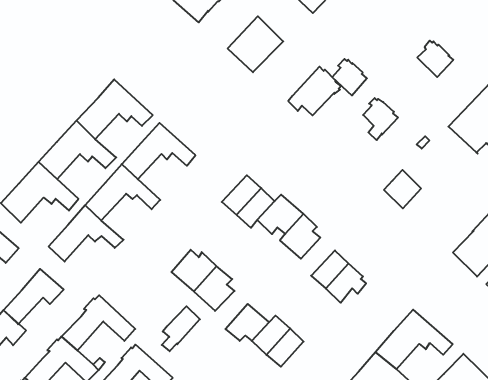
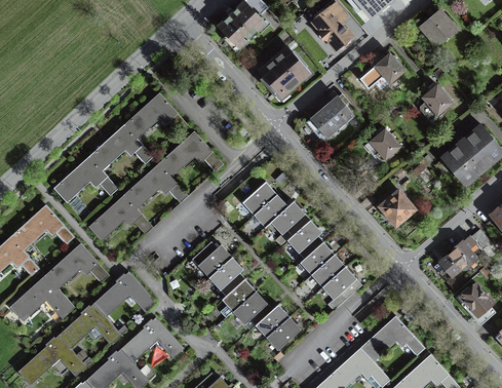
building: [332,59,367,95] -> [374,52,403,84]
building: none -> [300,242,334,274]
building: [162,306,200,351] -> [220,280,255,317]

